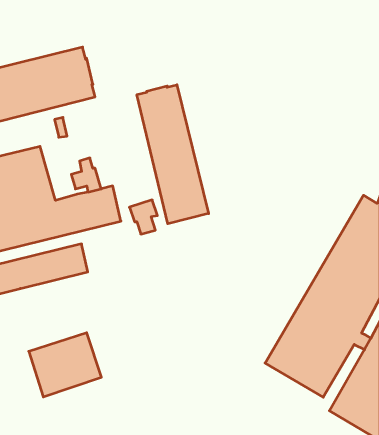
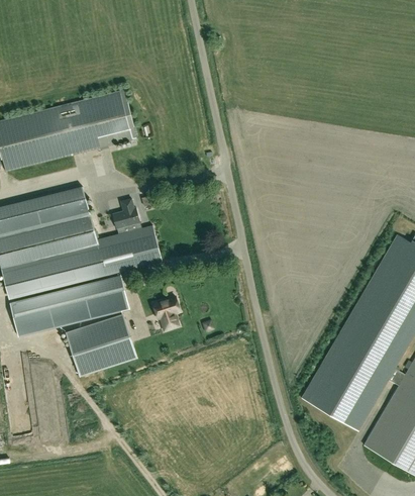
building: [137,85,209,224] -> none
building: [129,200,157,234] -> [151,297,179,330]
building: [29,333,101,397] -> [66,314,136,377]

